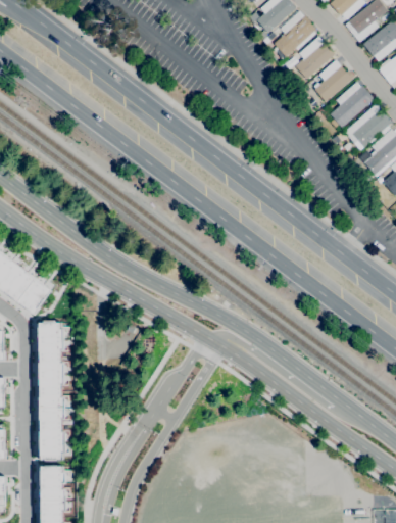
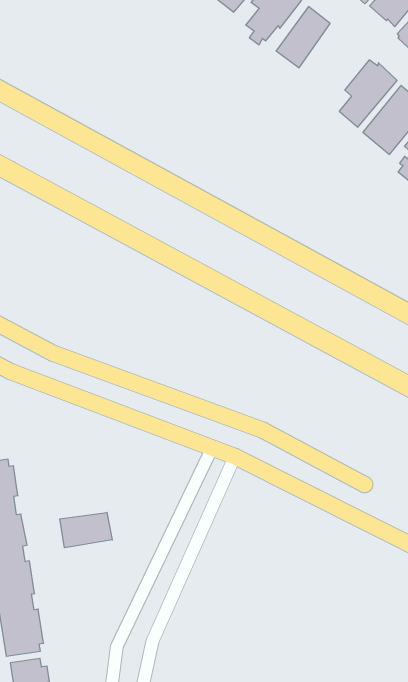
building: [311,59,358,106] -> none
building: none -> [60,512,112,548]

